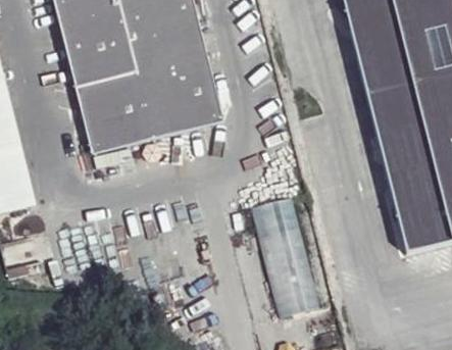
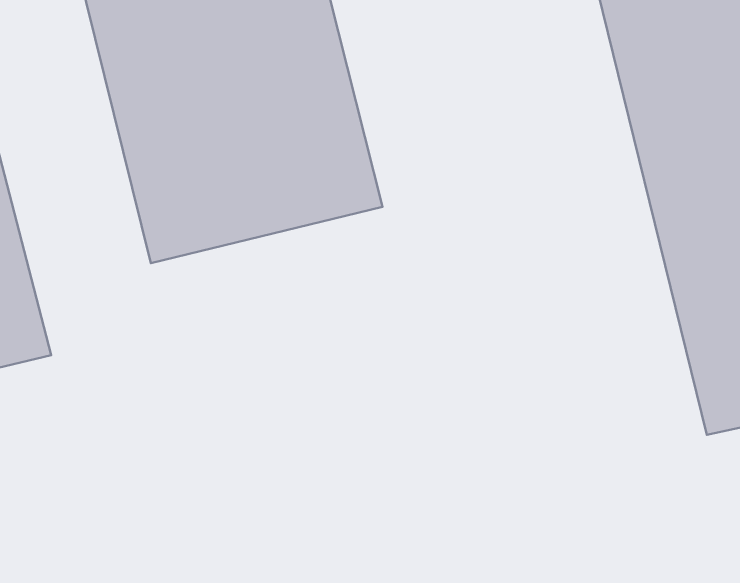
building: [248,193,319,315] -> none

